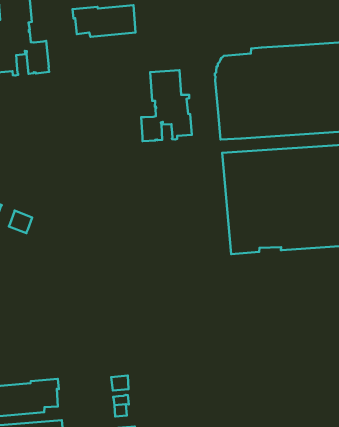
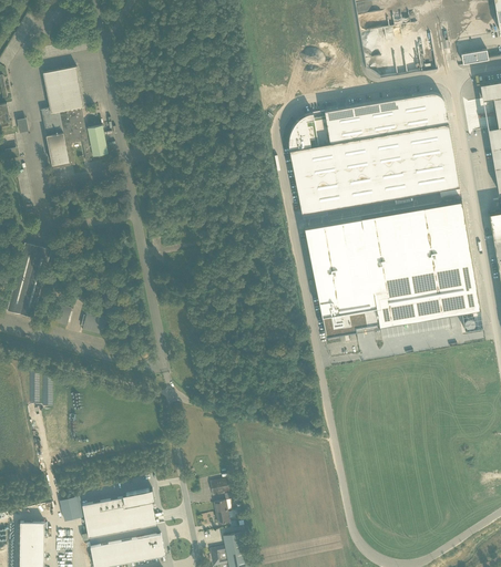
building: [73,5,136,37] -> none
building: [141,70,192,141] -> none

